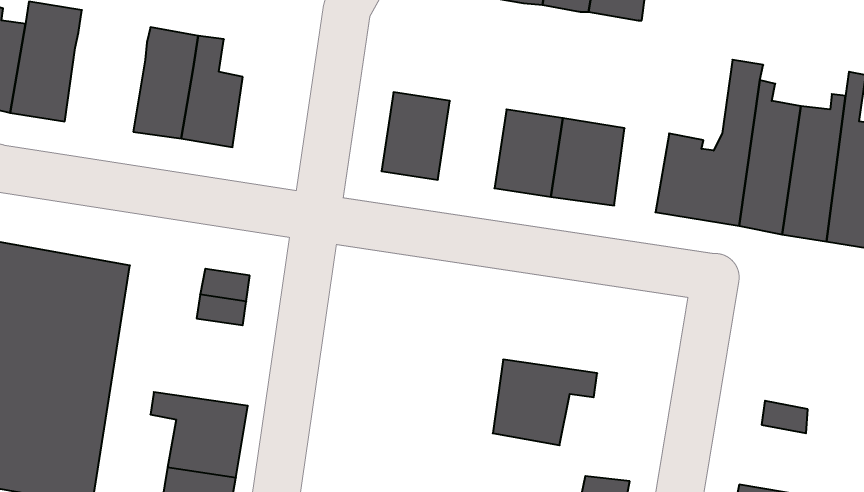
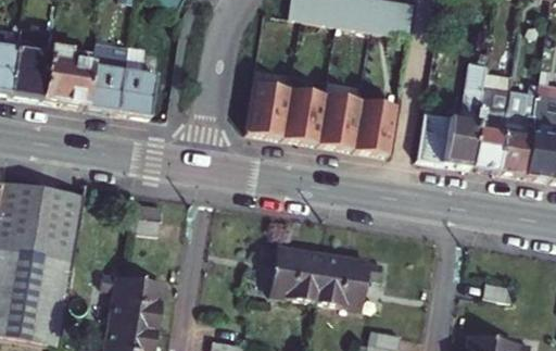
building: none -> [43,46,96,109]
building: none -> [280,89,324,145]
building: none -> [260,245,321,300]

